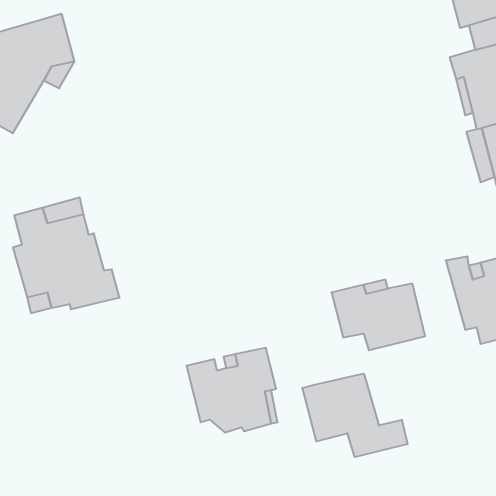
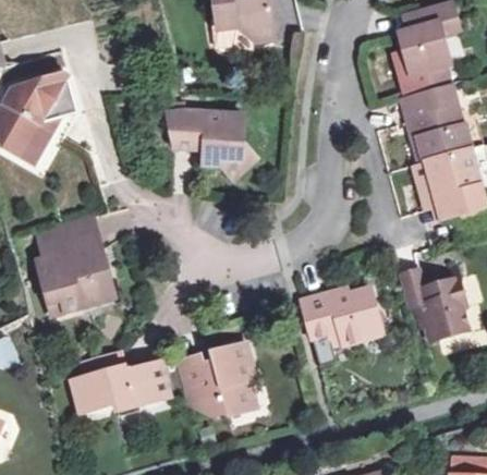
building: none -> [167,107,260,182]
building: none -> [71,350,168,412]
building: [302,374,407,457] -> none

